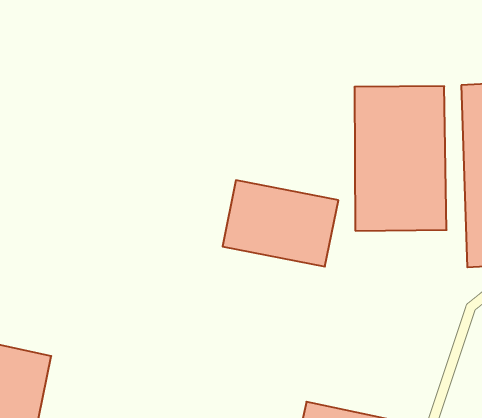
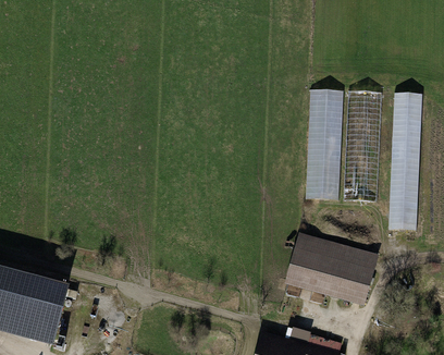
building: [223,180,338,267] -> [286,235,377,305]

